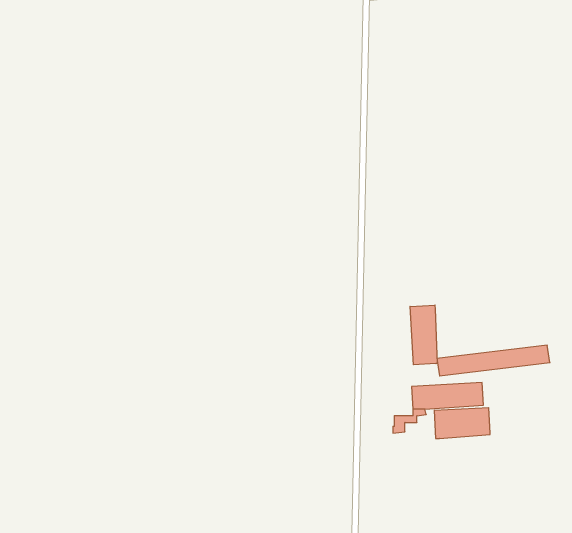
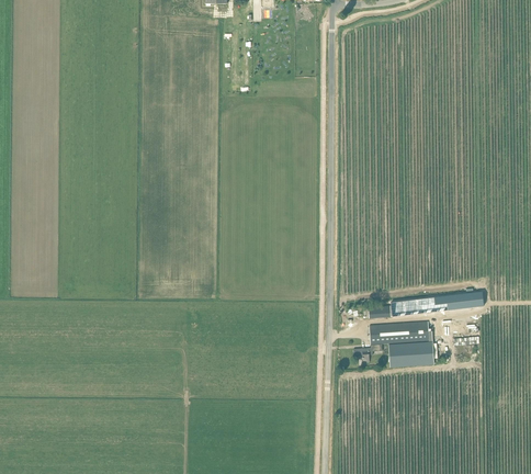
building: [410,305,437,365] -> none

